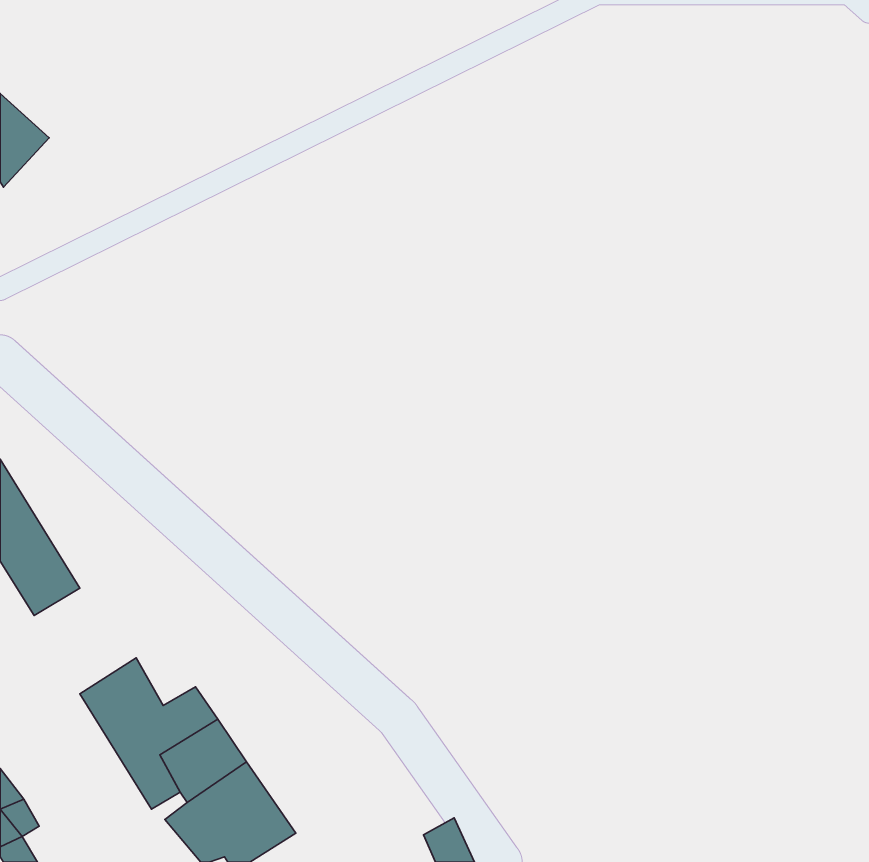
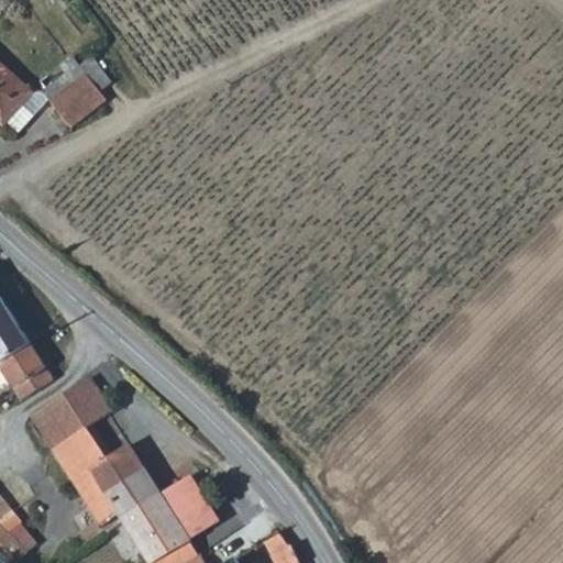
building: none -> [44,78,98,133]
building: none -> [31,376,111,449]
building: none -> [159,475,217,539]

